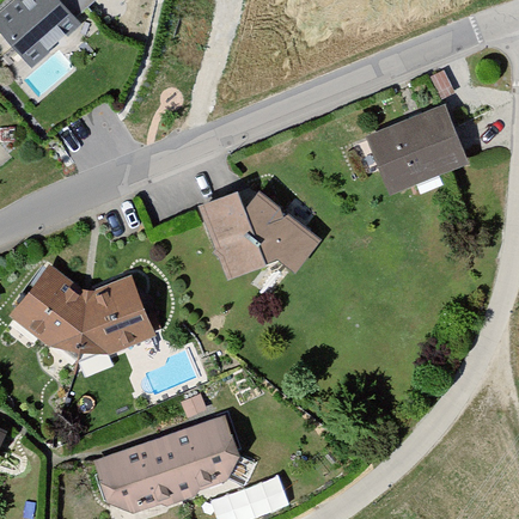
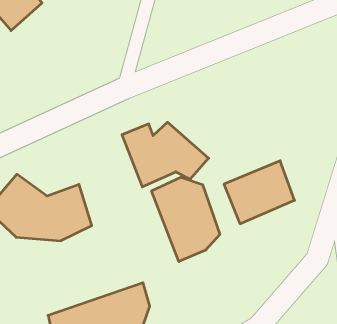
building: [365,105,465,195] -> [224,161,295,224]
building: none -> [152,177,220,262]

